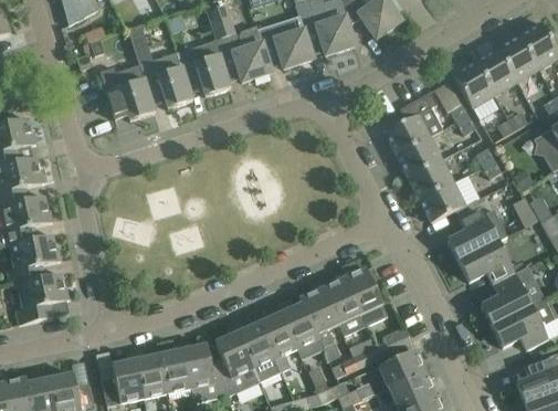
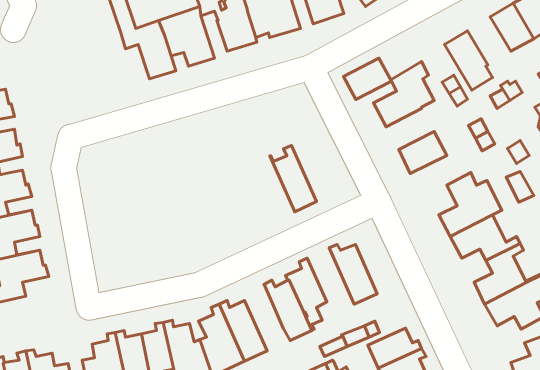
building: [475,48,517,94] -> none
building: [101,63,156,119] -> none
building: [397,136,443,176] -> [343,58,391,99]
building: [420,181,466,222] -> none
building: [320,271,366,335] -> [270,146,317,212]
building: [260,306,297,370] -> none

